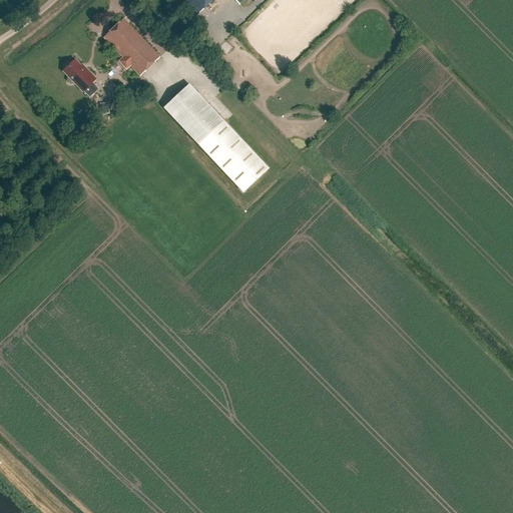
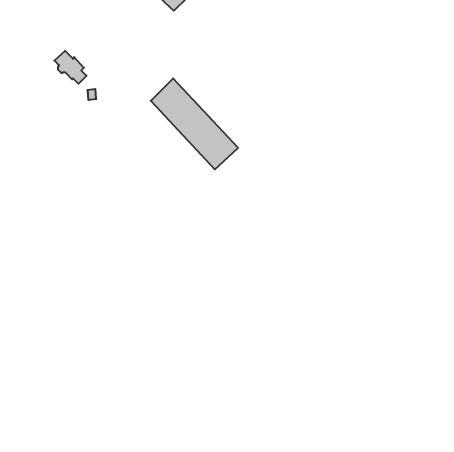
building: [102,15,158,73] -> none

